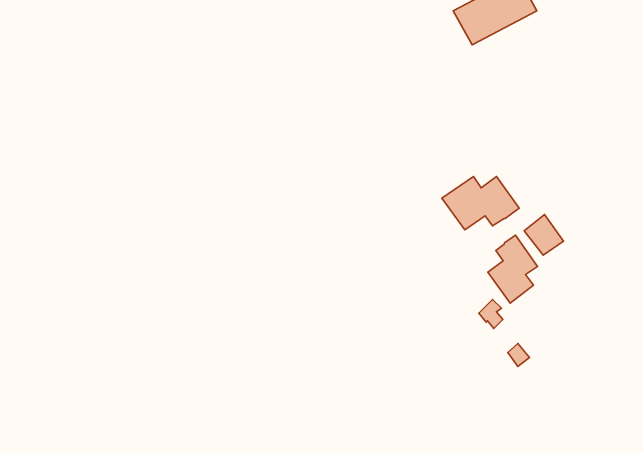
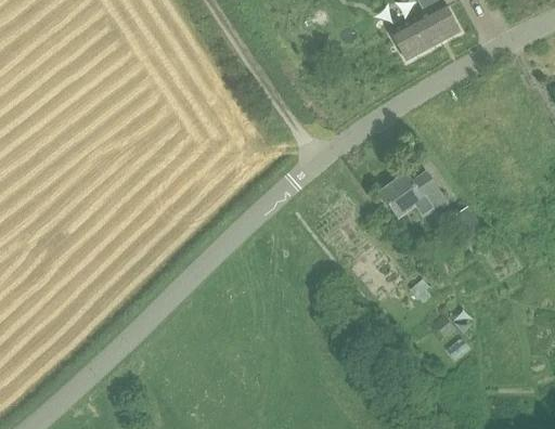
building: [488,235,538,303] -> none

